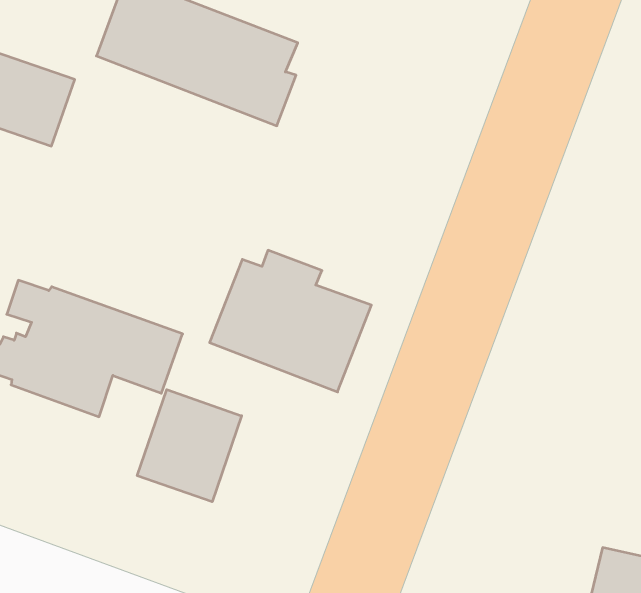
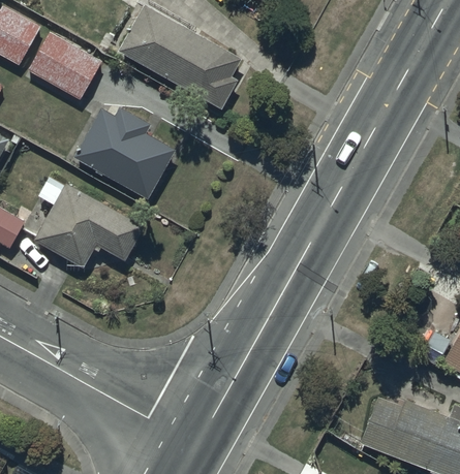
building: [210,250,371,392] -> [74,106,177,199]
building: [137,390,242,502] -> none

